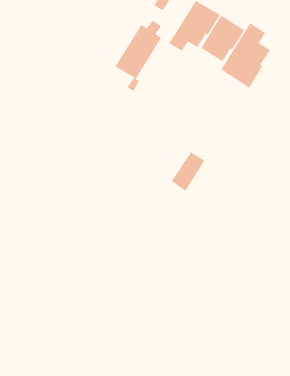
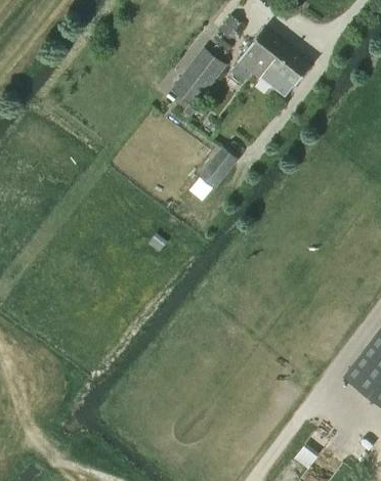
building: [221,22,270,88] -> none
building: [171,151,205,192] -> [198,150,236,191]

